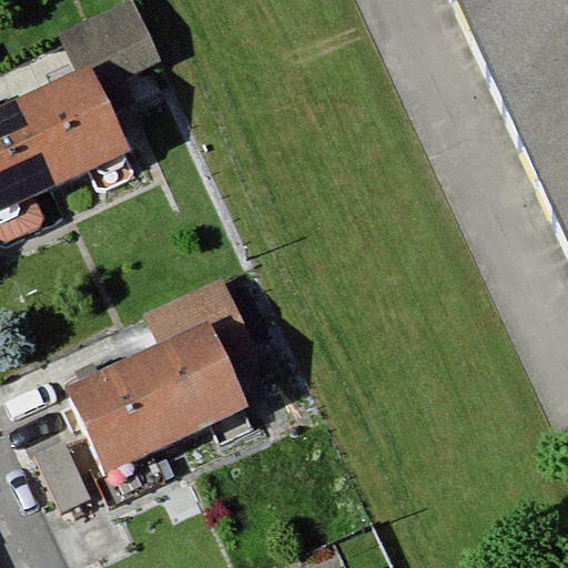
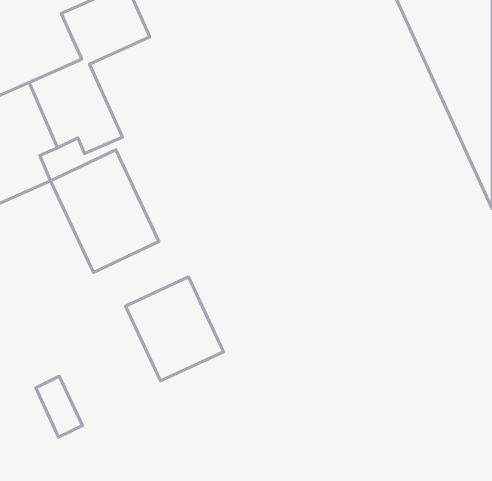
building: none -> [51,150,159,273]
building: [70,349,183,469] -> none

